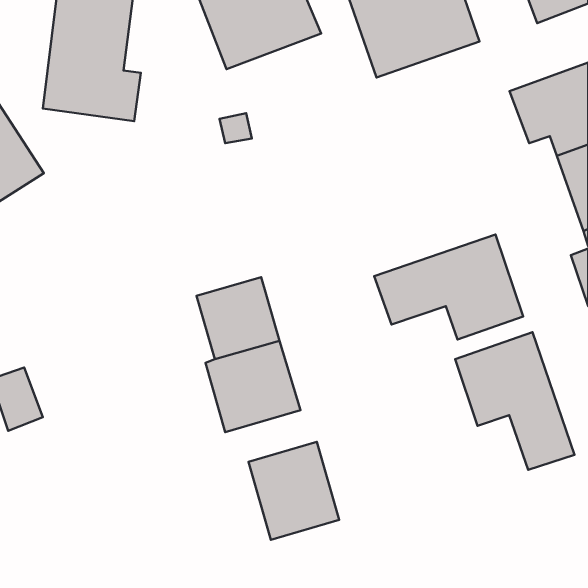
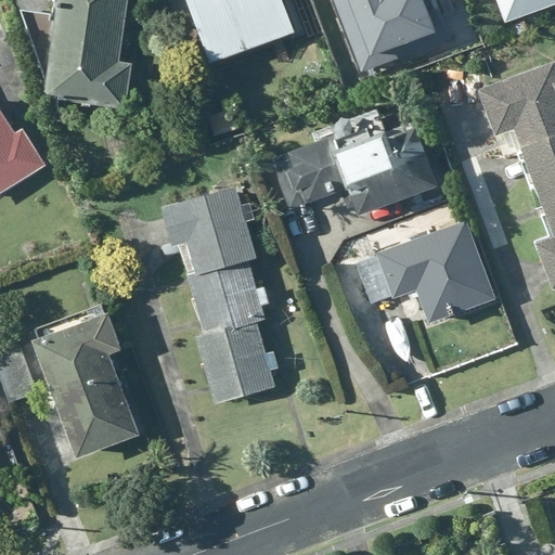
building: none -> [275,104,443,219]
building: none -> [165,188,258,278]
building: none -> [35,310,144,456]
building: [455,332,574,470] -> none
building: [248,442,339,540] -> none

